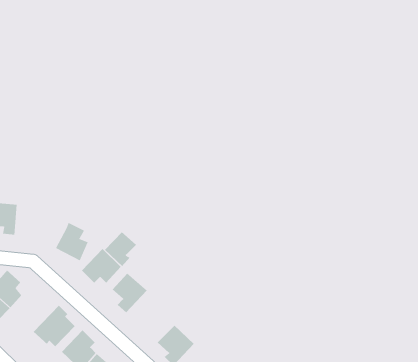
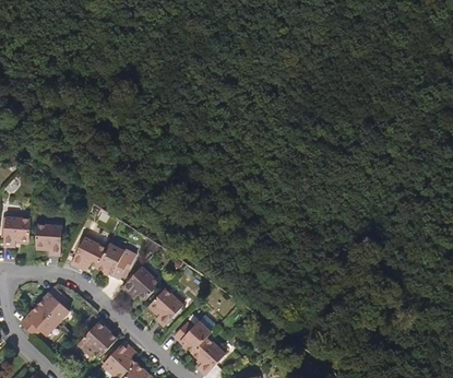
building: none -> [71,235,107,269]
building: [104,231,137,267] -> none
building: none -> [174,321,211,353]

